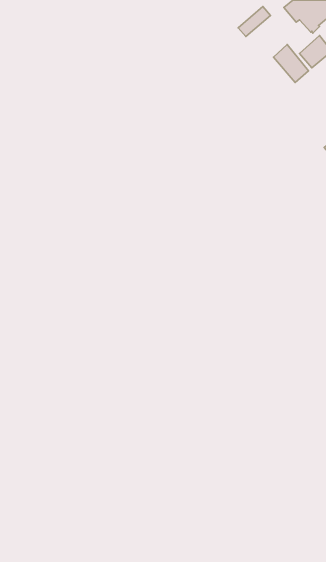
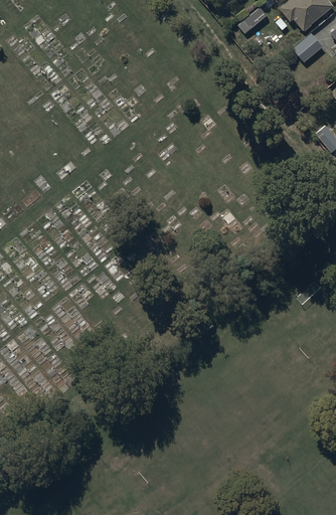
building: [273,44,309,82] -> none

